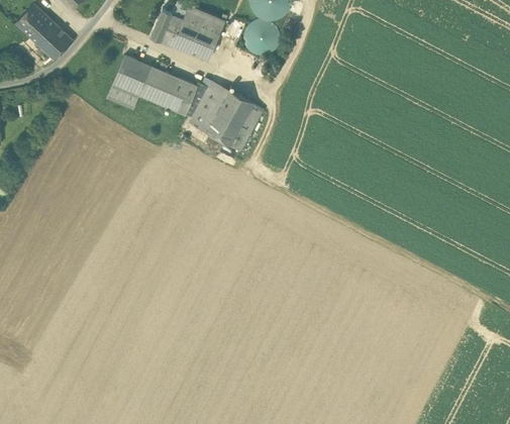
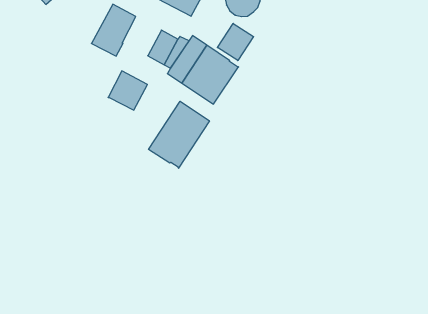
building: none -> [217,23,254,61]
building: [137,65,178,105] -> [108,71,147,110]
building: none -> [149,101,209,168]

